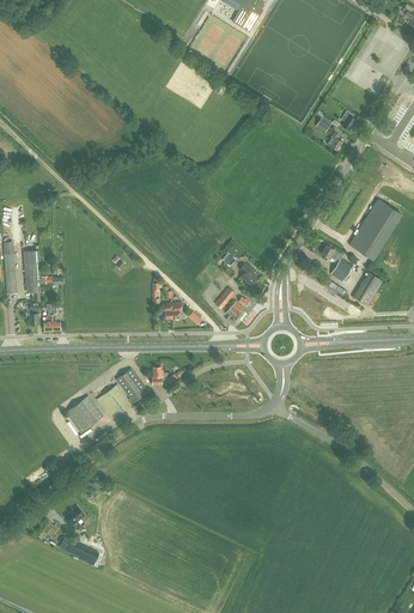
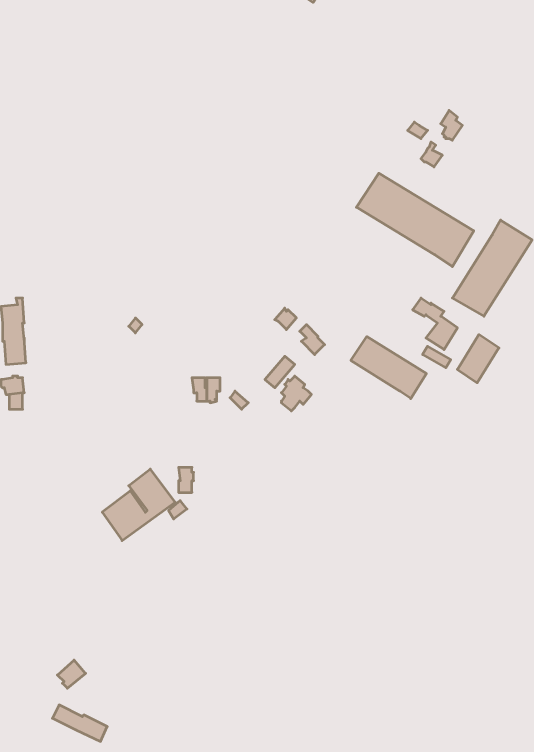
building: none -> [356,173,474,267]
building: none -> [351,337,426,399]
building: [66,395,104,433] -> none

